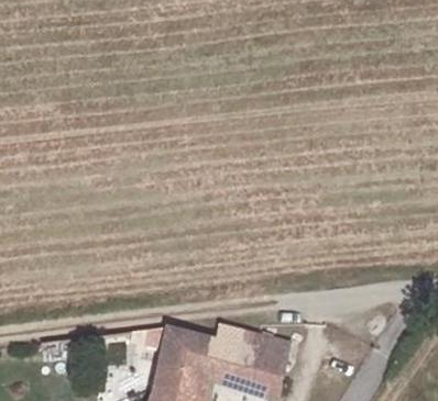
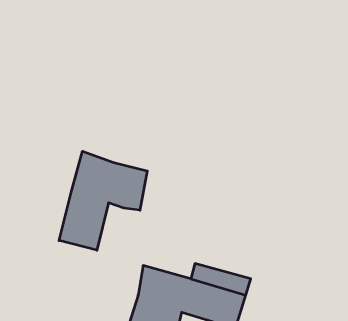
building: none -> [59,151,147,250]

